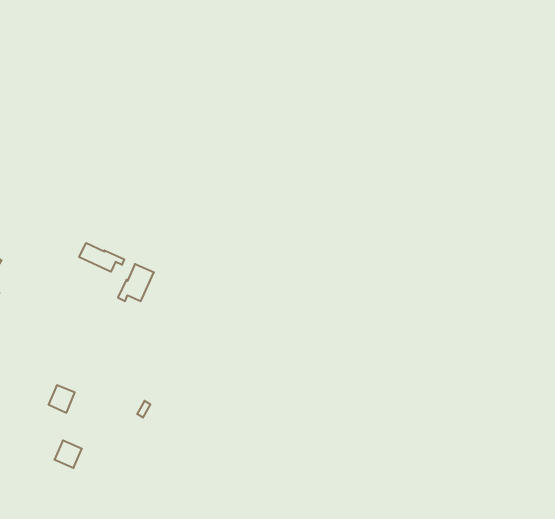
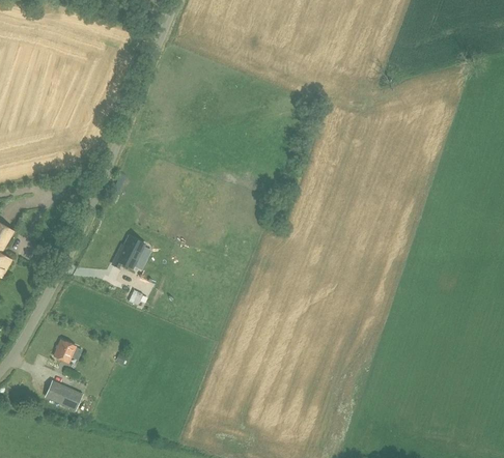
building: [79,243,124,272] -> none

